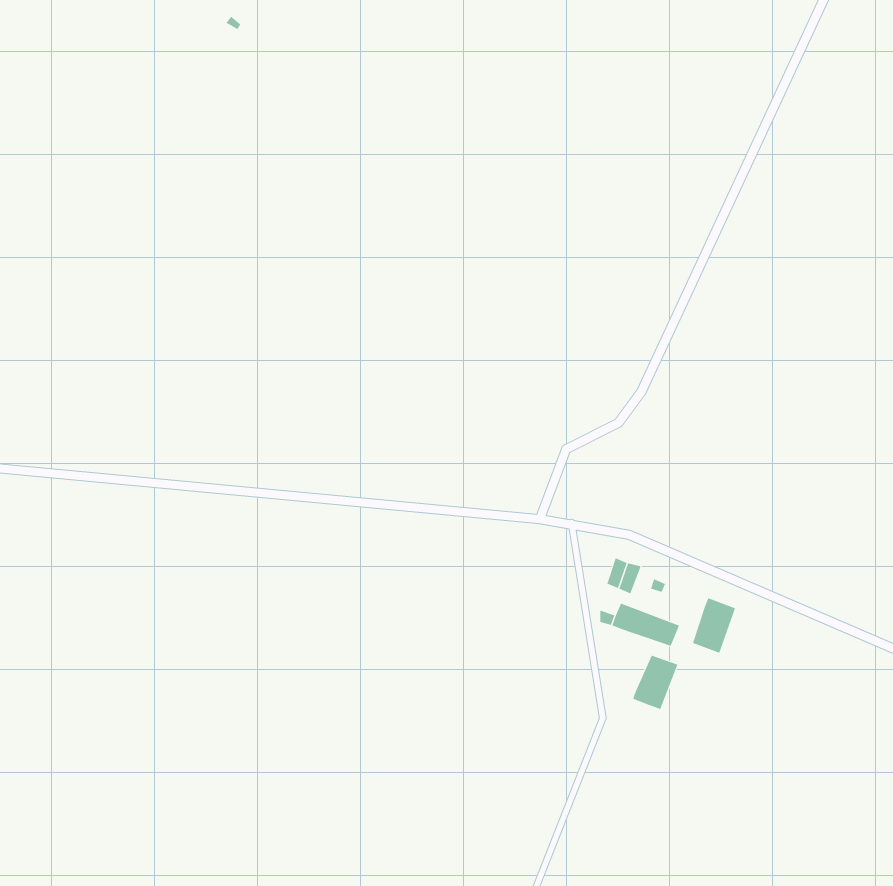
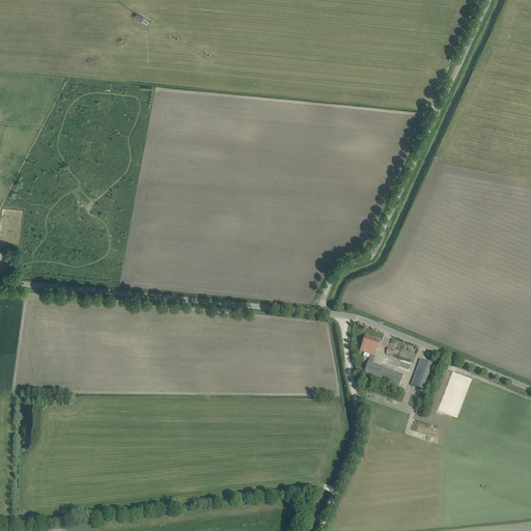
building: [632,655,678,710] -> none

